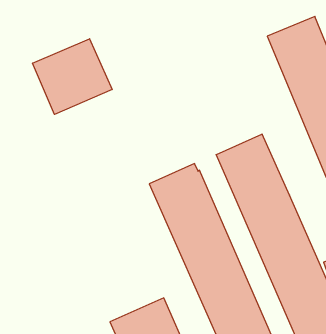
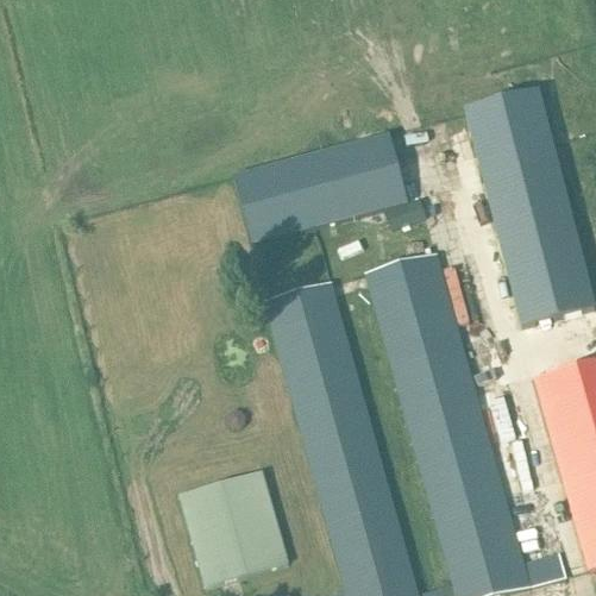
building: [33,39,112,114] -> none
building: none -> [233,132,408,243]

